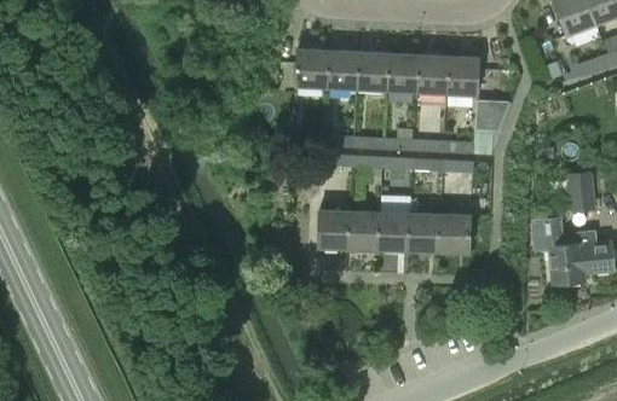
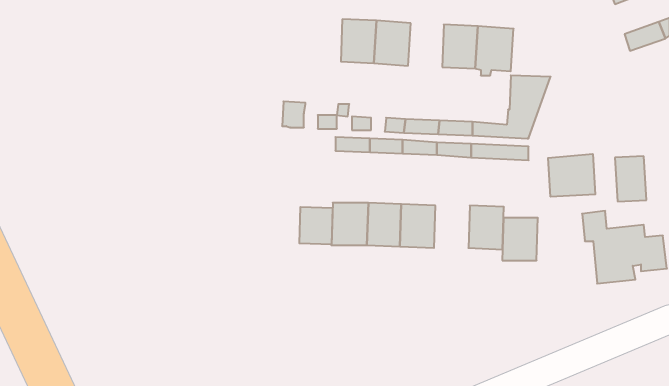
building: [294,47,327,87] -> none
building: [385,53,416,92] -> none
building: none -> [548,154,595,197]
building: [408,214,439,251] -> [502,218,538,260]
building: none -> [299,207,332,244]

